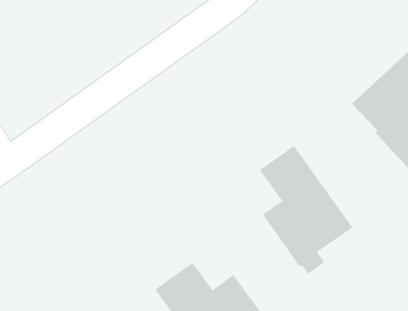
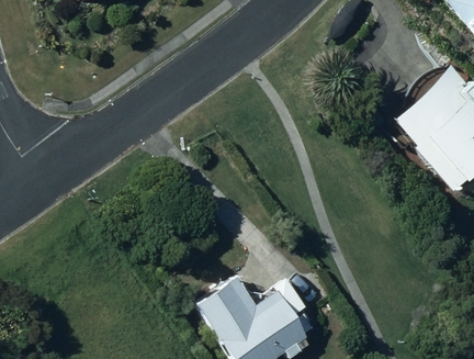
building: [259,145,353,275] -> none

